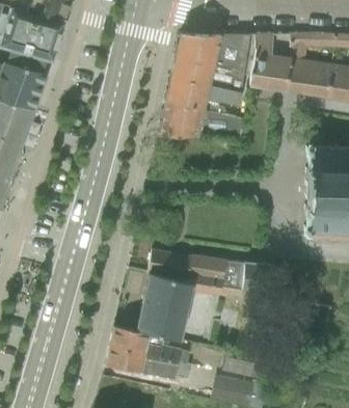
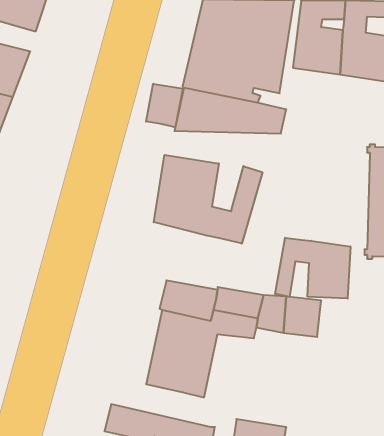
building: none -> [146,84,183,127]
building: none -> [154,155,262,244]
building: none -> [275,238,350,299]
building: [111,325,191,363] -> none

